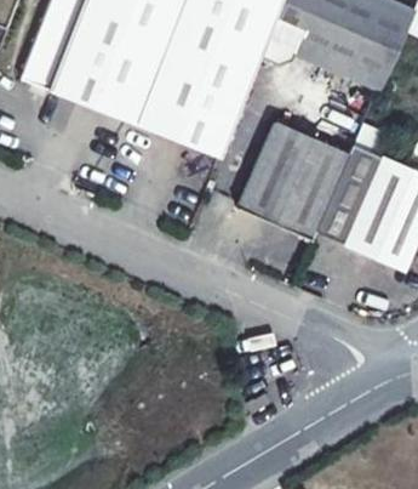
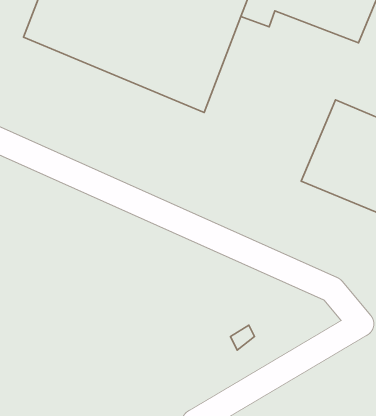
building: [241,120,353,238] -> none

